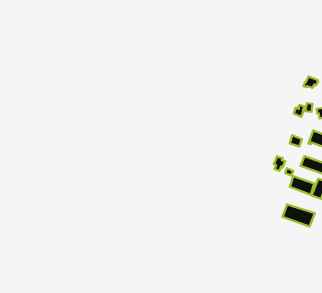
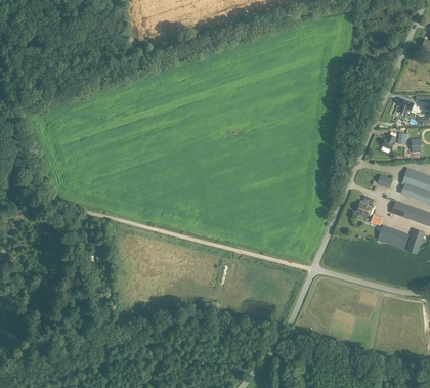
building: [282,204,315,226] -> none

